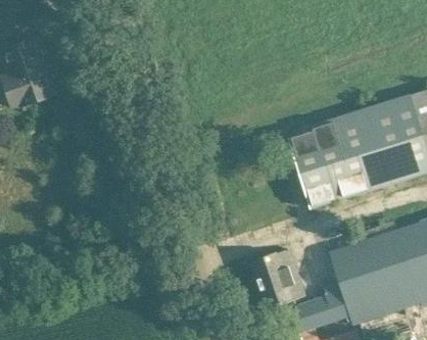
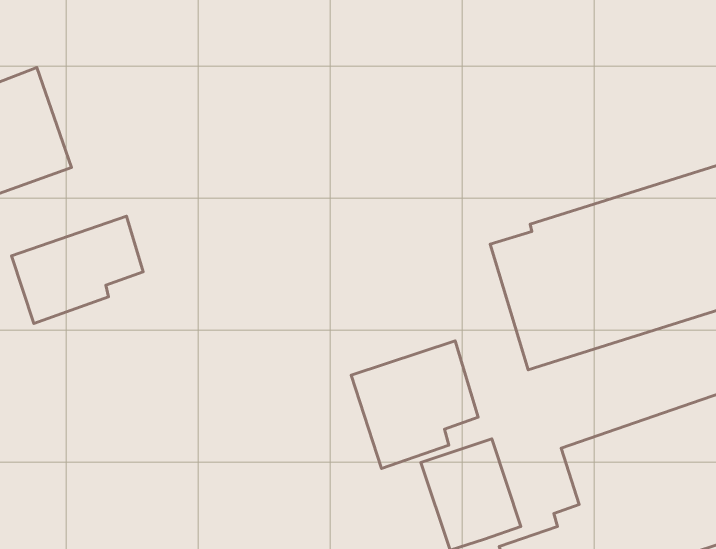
building: none -> [11,216,143,324]
building: none -> [351,341,478,469]

